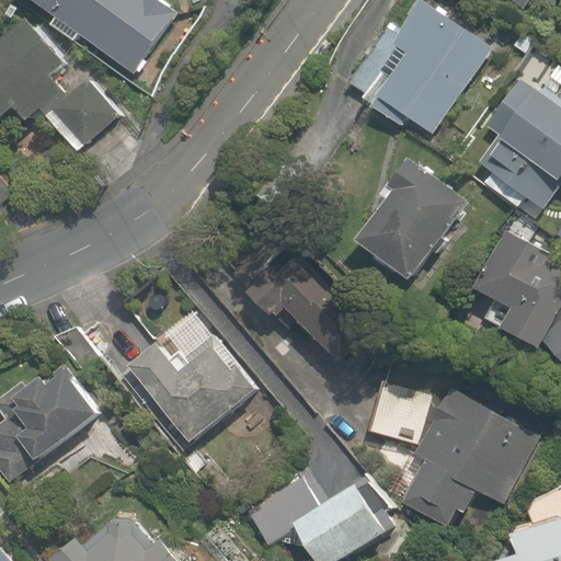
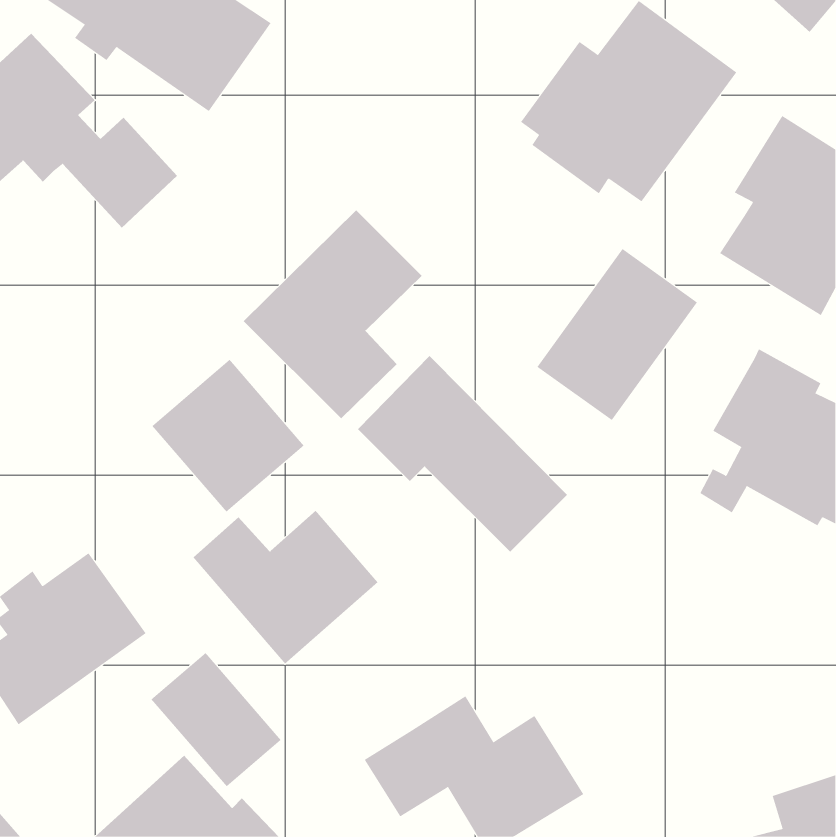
building: none -> [243,210,422,419]
building: none -> [151,359,304,513]
building: [403,379,545,527] -> none
building: none -> [151,652,282,787]

